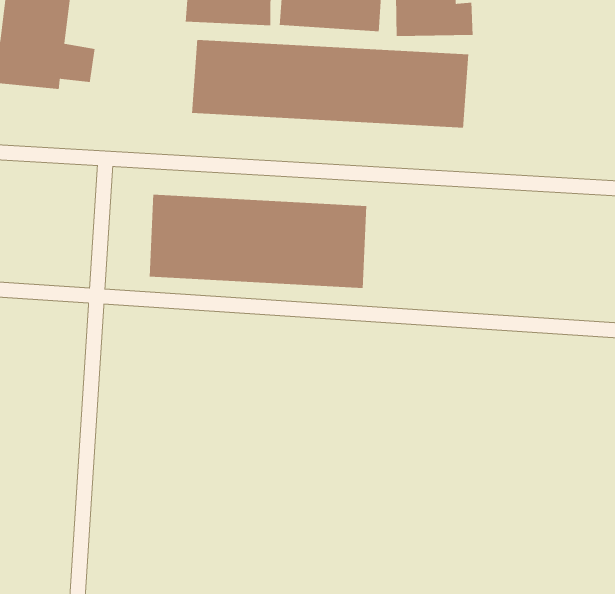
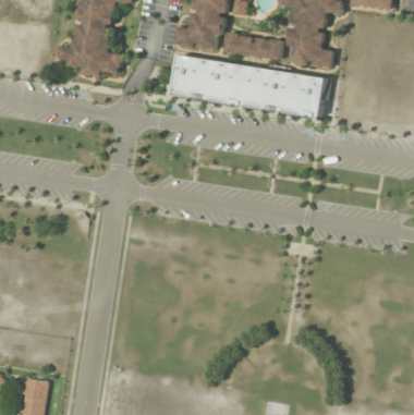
building: [149,194,367,289] -> none

